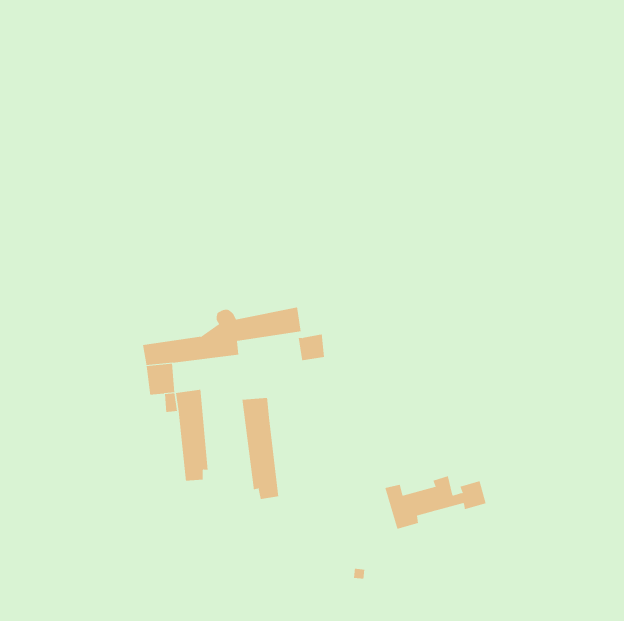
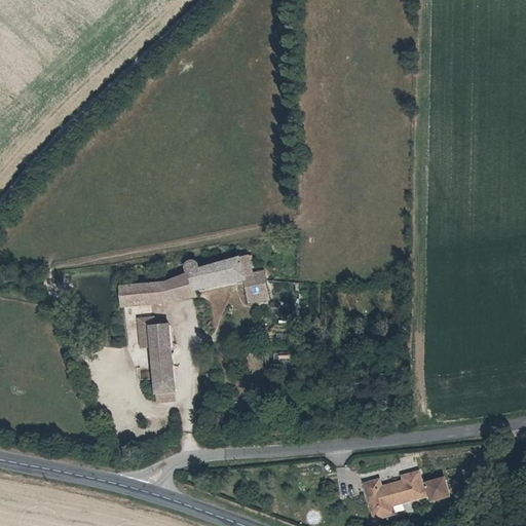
building: [242,397,279,500] -> none
building: [385,475,486,529] -> [364,469,449,515]

